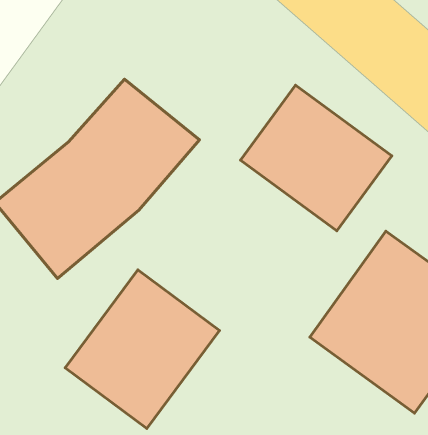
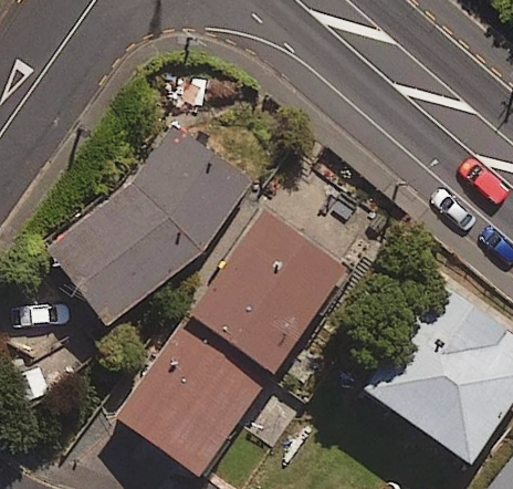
building: [240,85,392,231] -> none
building: none -> [189,214,347,378]

